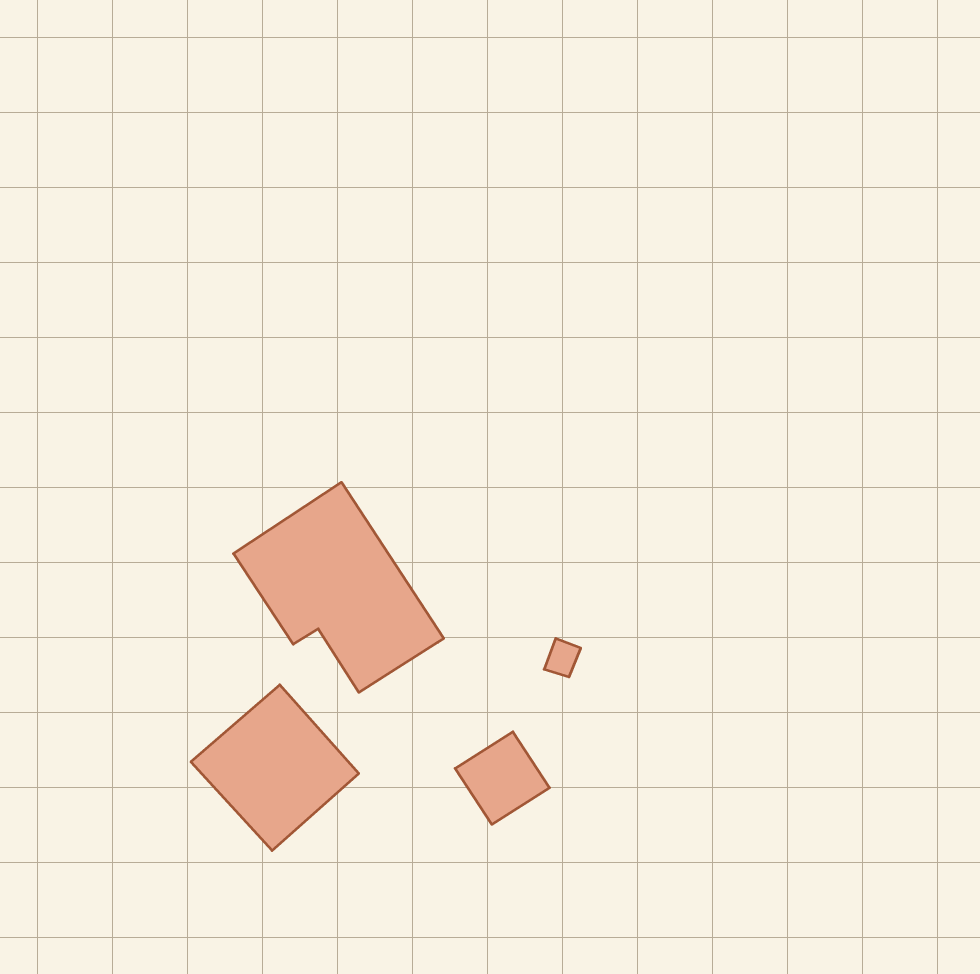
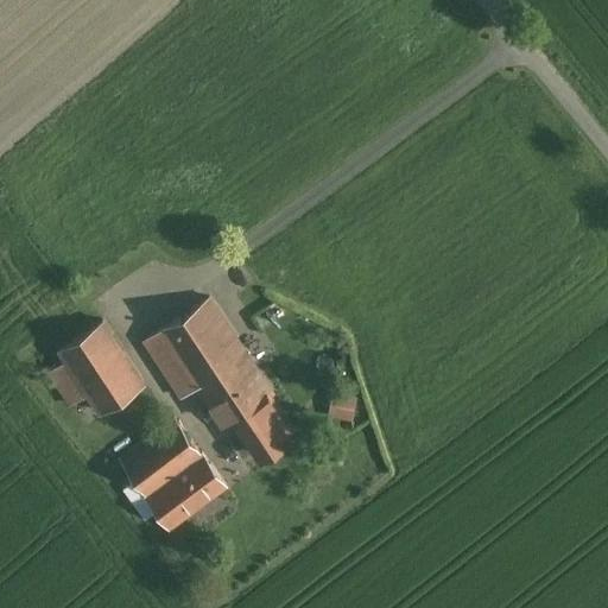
building: none -> [42,327,137,423]
building: [455,732,550,824] -> [238,403,296,460]

